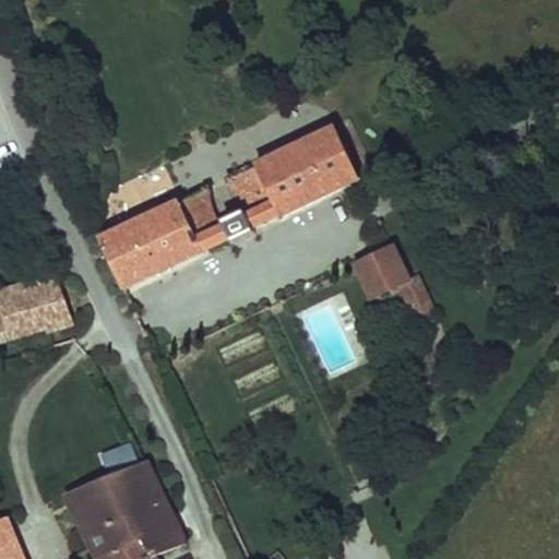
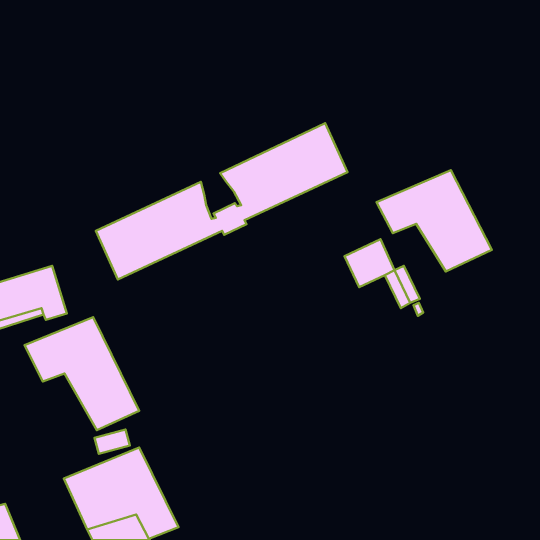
building: none -> [377,170,492,272]
building: none -> [24,317,139,430]

